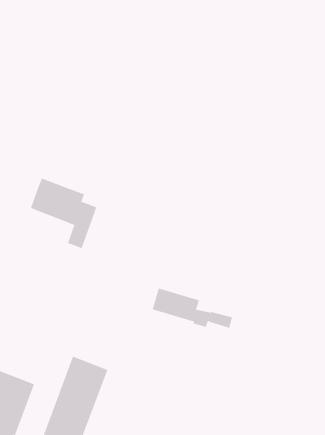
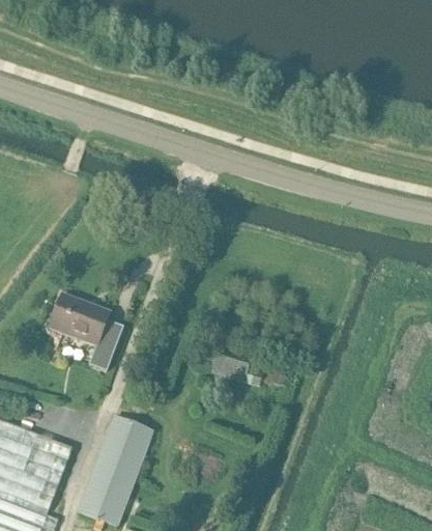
building: [30,178,97,249] -> [49,296,122,373]

